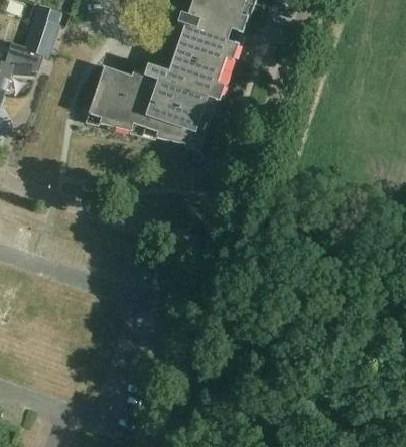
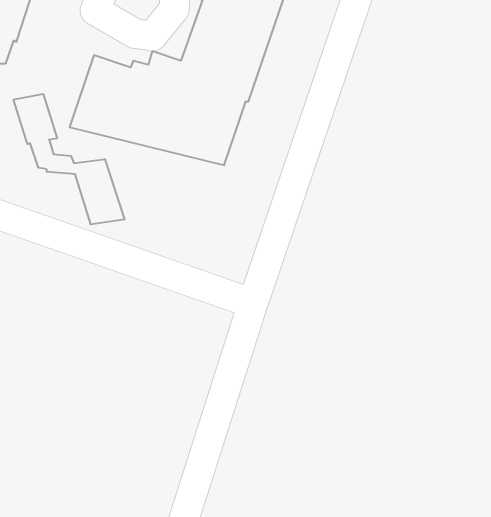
building: none -> [13,94,125,224]

